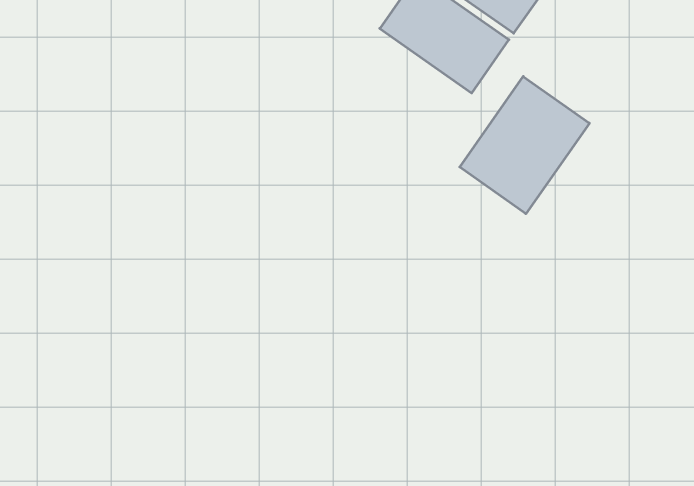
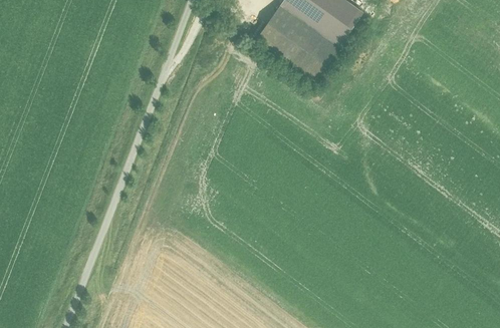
building: [460,76,589,214] -> none

